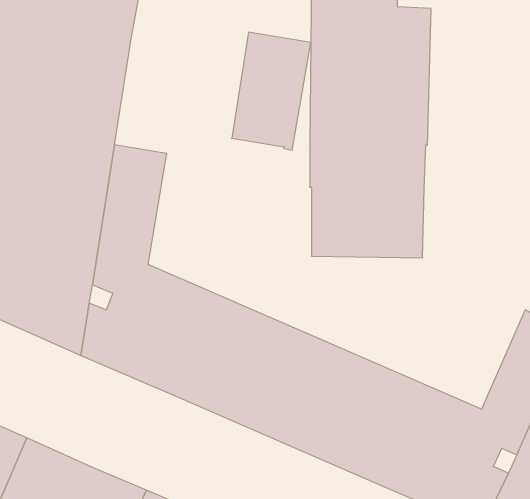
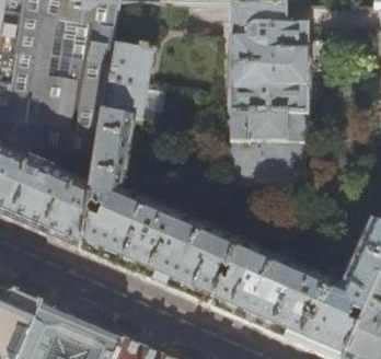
building: [232,32,311,150] -> [102,42,153,118]

